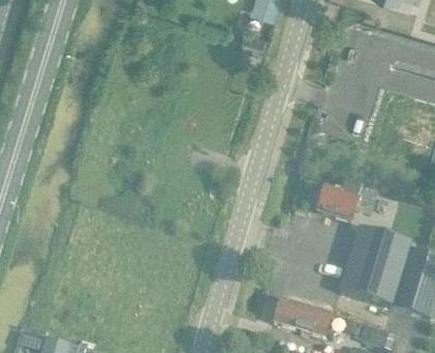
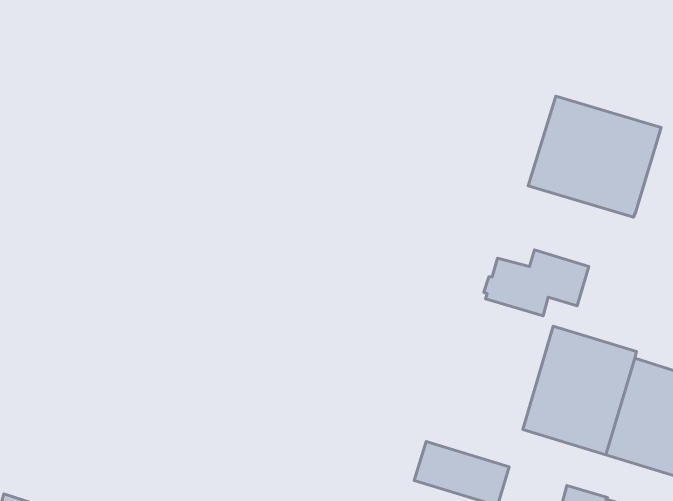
building: none -> [528,96,661,217]

